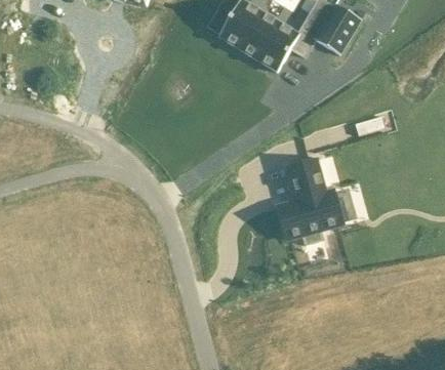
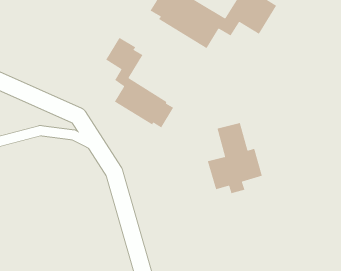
building: none -> [105,37,174,128]

